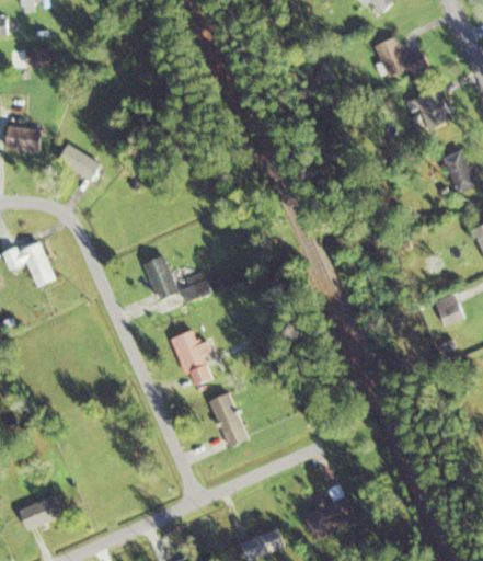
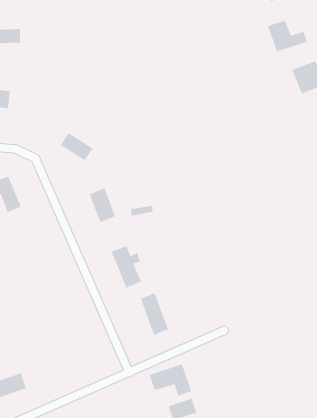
building: [56,142,100,180] -> [60,132,93,161]
building: none -> [149,364,192,396]

